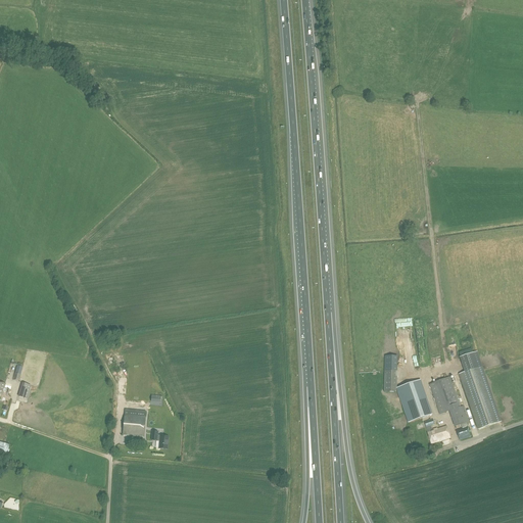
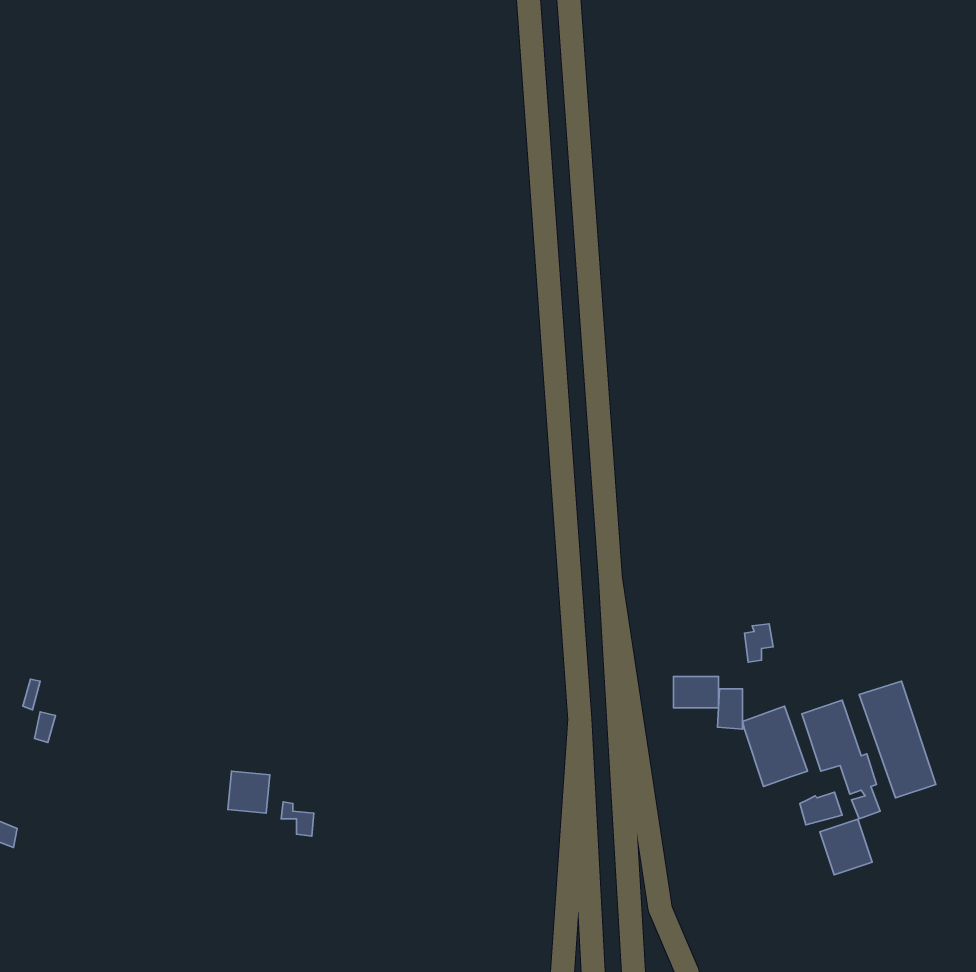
building: none -> [674,677,719,708]
building: none -> [820,819,872,875]

